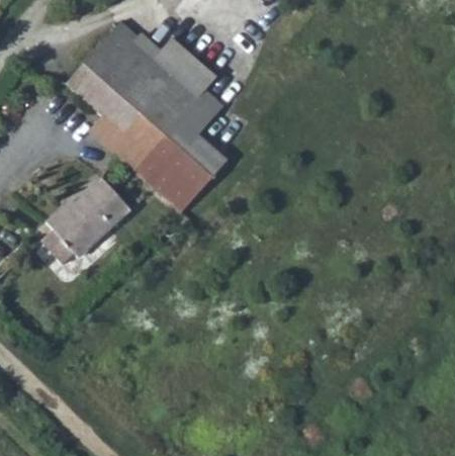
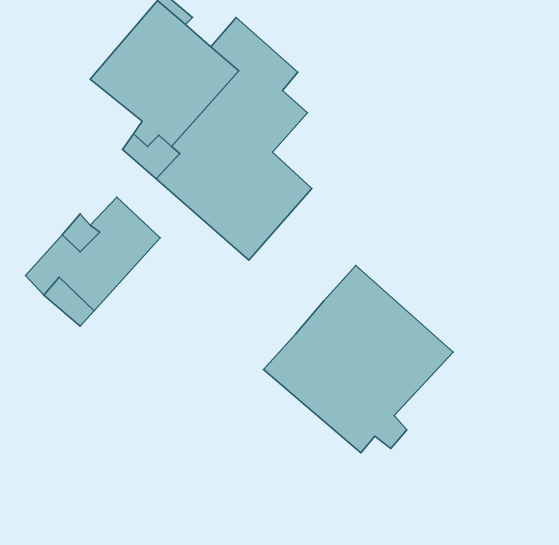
building: none -> [264,265,453,453]

